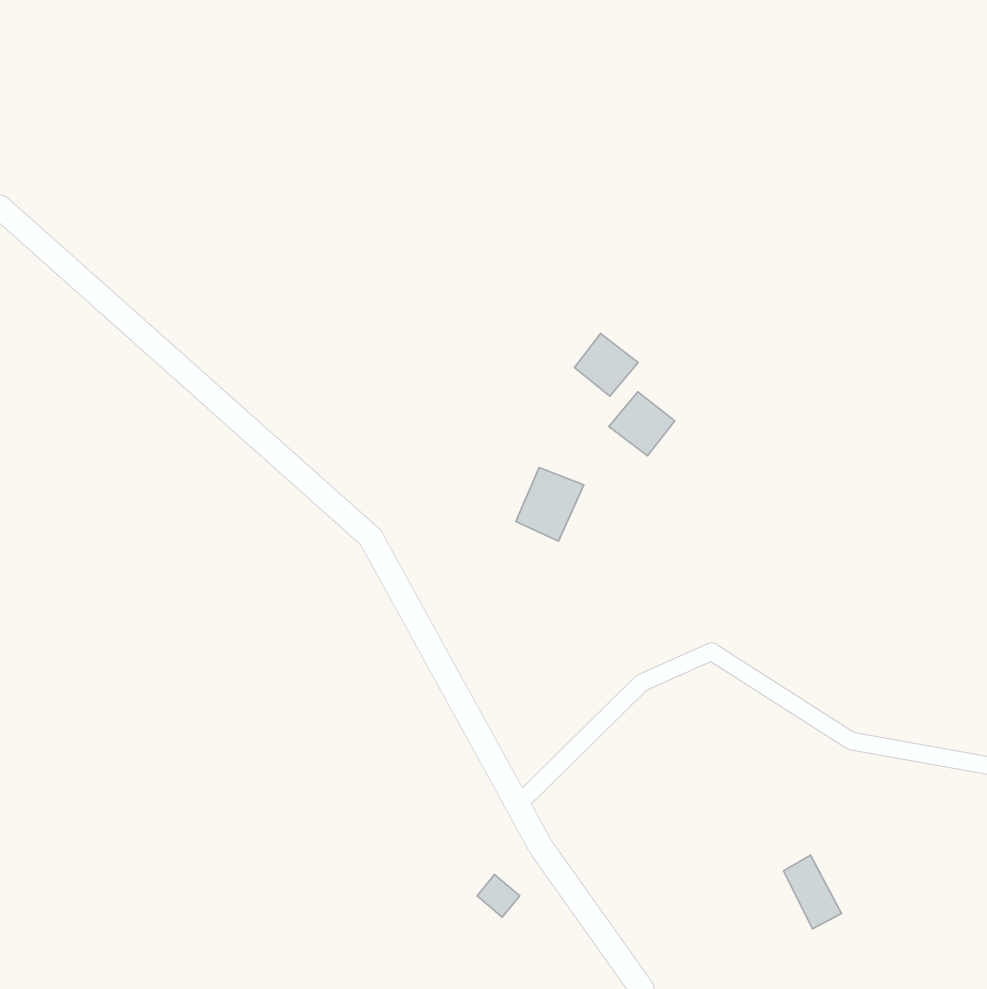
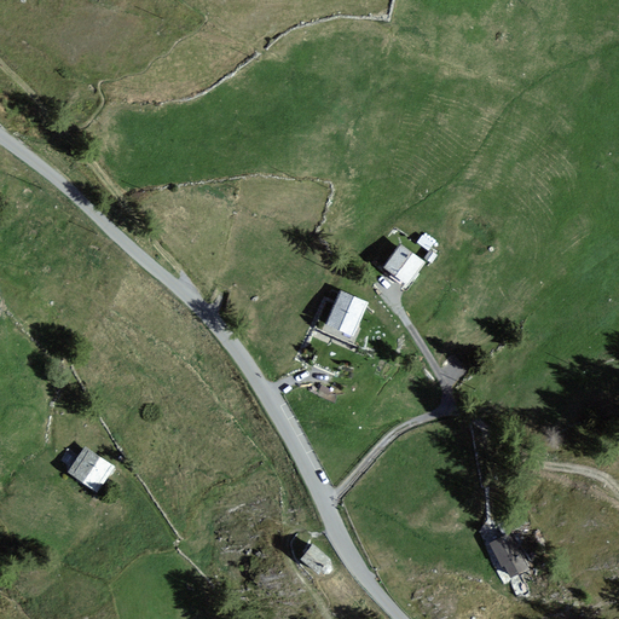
building: [574,333,638,396] -> none
building: none -> [66,447,112,491]

